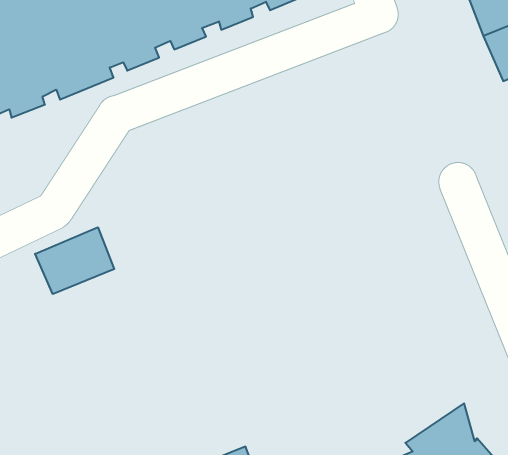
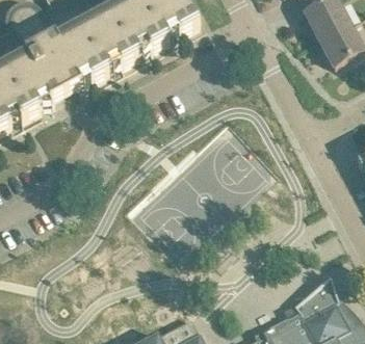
building: [35,227,114,294] -> none

